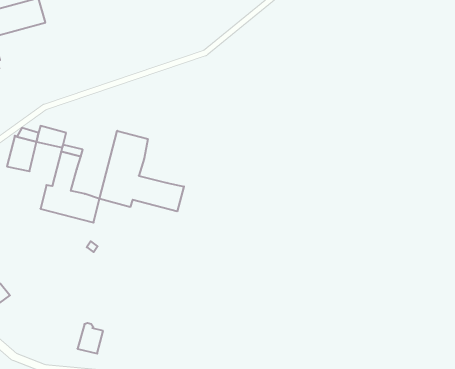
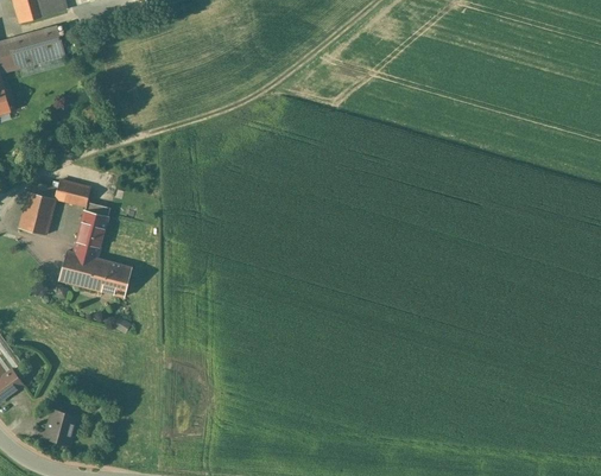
building: [100,131,184,211] -> none
building: [77,323,103,354] -> [45,407,76,444]

